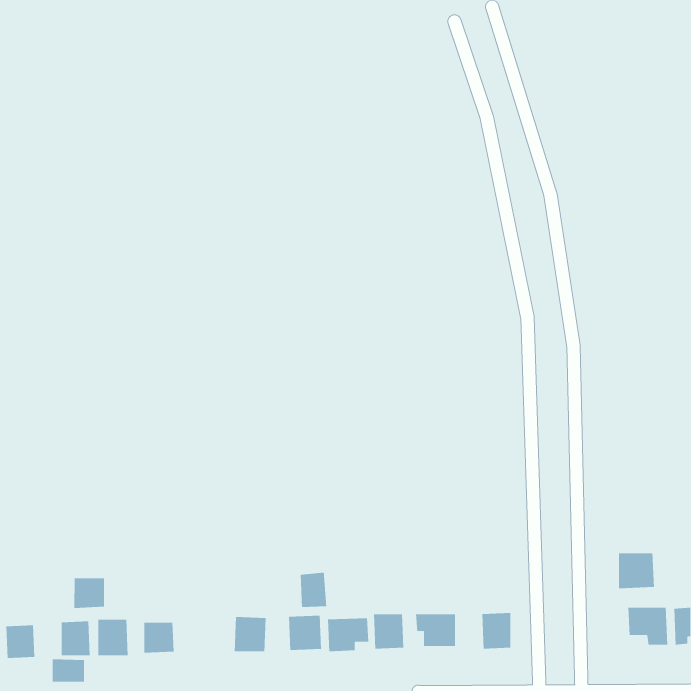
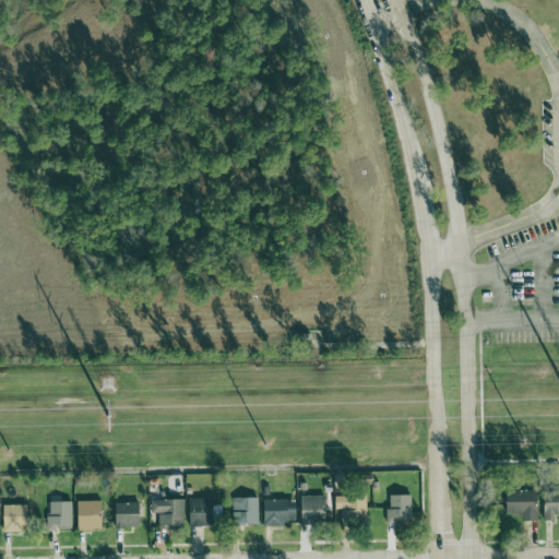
building: [618,552,654,589] -> none
building: [300,572,327,608] -> none
building: [74,577,105,609] -> none
building: none -> [152,499,185,526]
building: [52,659,85,683] -> none

